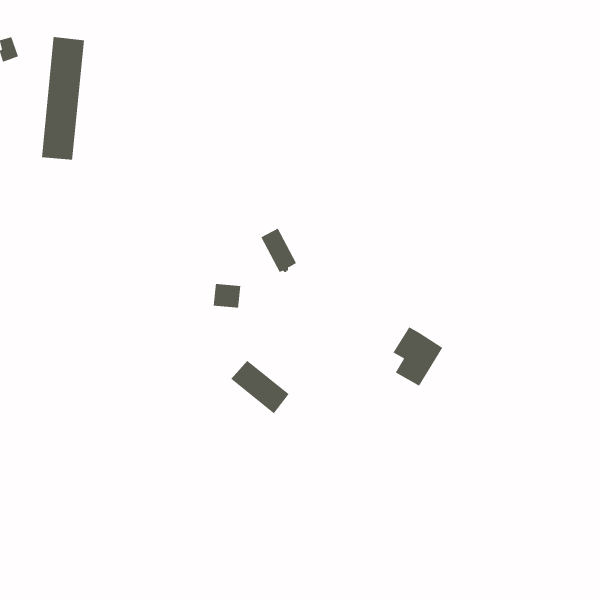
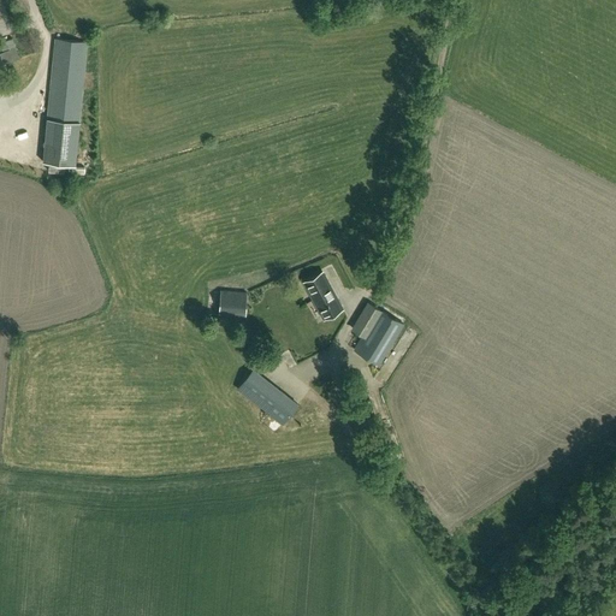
building: [260,228,297,273] -> [303,273,340,319]
building: [392,327,443,387] -> [350,303,402,365]

